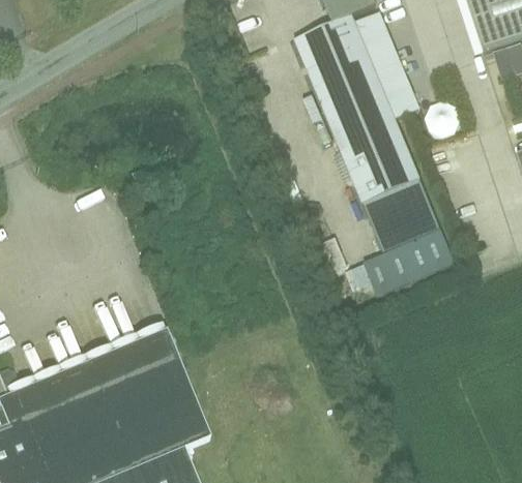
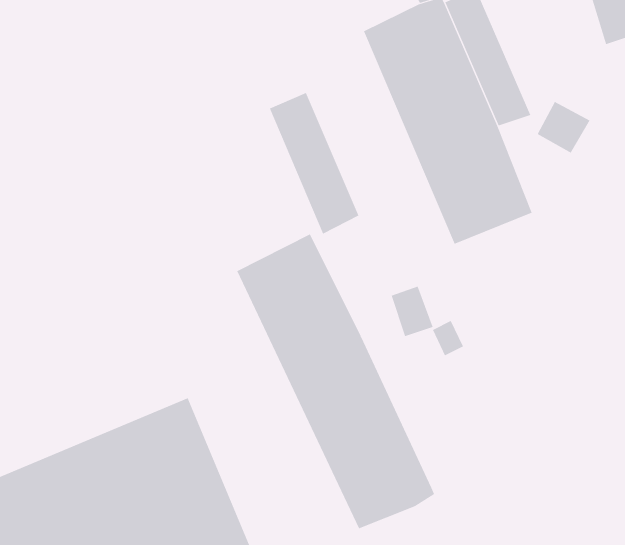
building: none -> [269,92,359,234]
building: [364,186,457,294] -> none
building: none -> [236,234,435,529]

